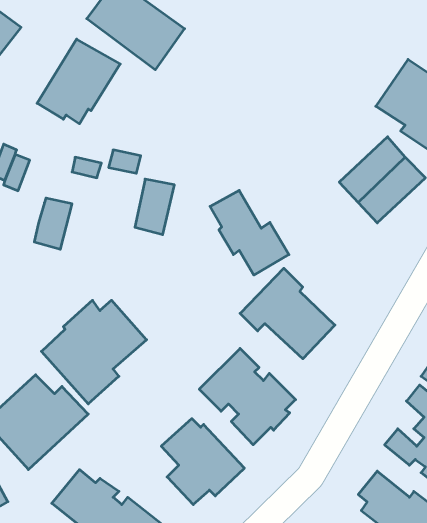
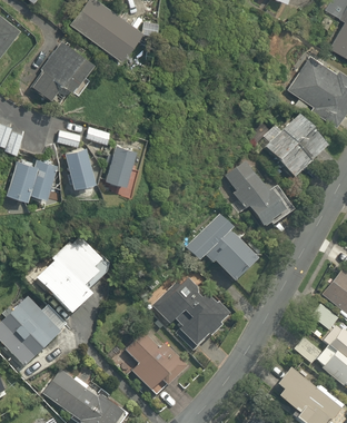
building: none -> [63,145,93,188]
building: [210,190,289,275] -> [227,163,287,227]
building: none -> [9,157,37,200]

